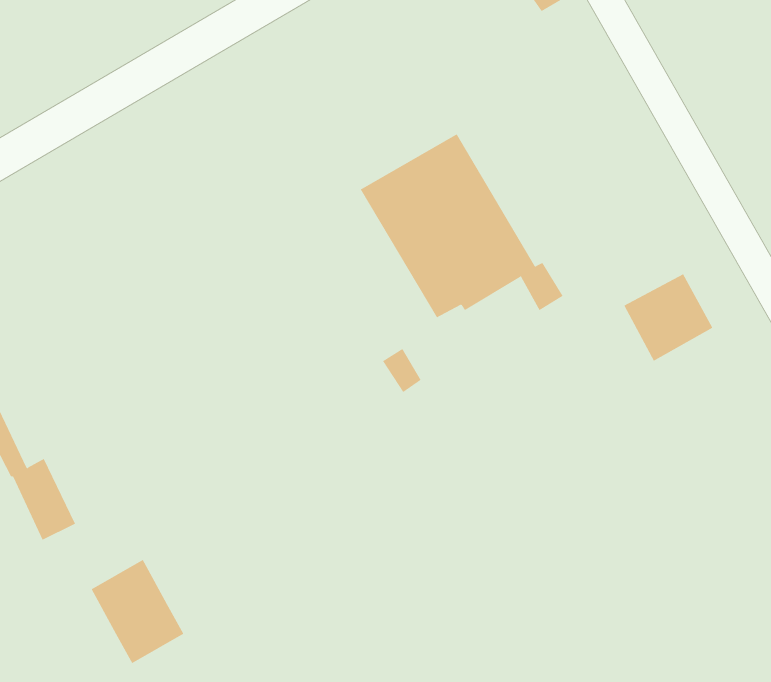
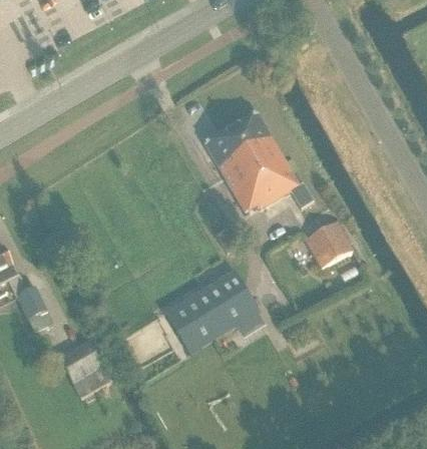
building: [624,274,713,361] -> [306,220,354,268]
building: none -> [165,270,259,353]

